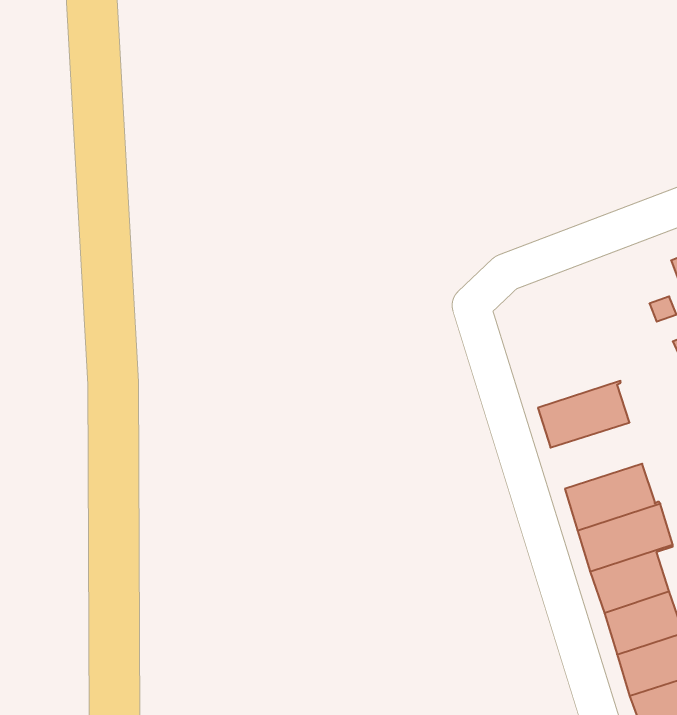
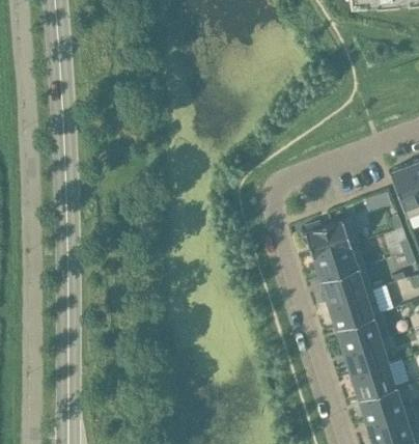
building: none -> [302,217,358,257]
building: none -> [317,266,370,304]

